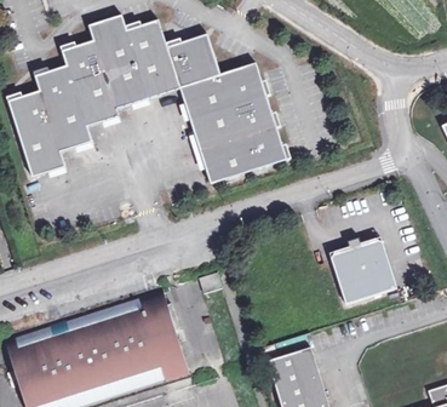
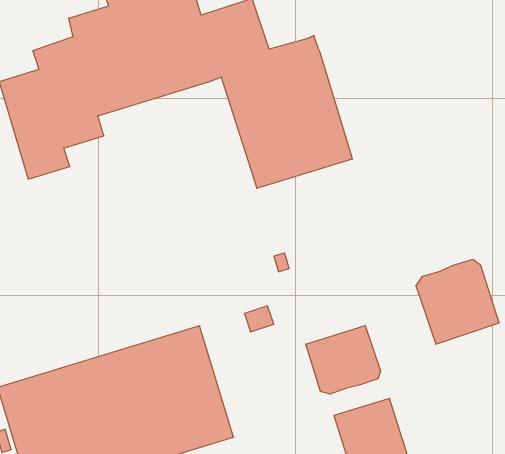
building: none -> [306,325,381,394]

